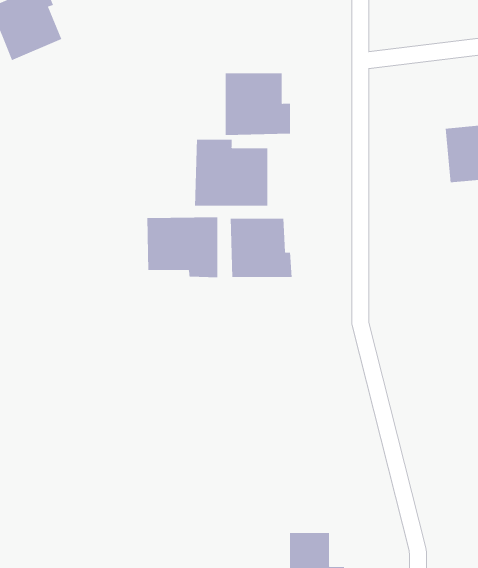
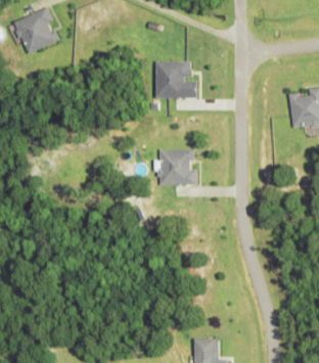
building: [194,139,268,207] -> none
building: [147,216,218,278] -> none

